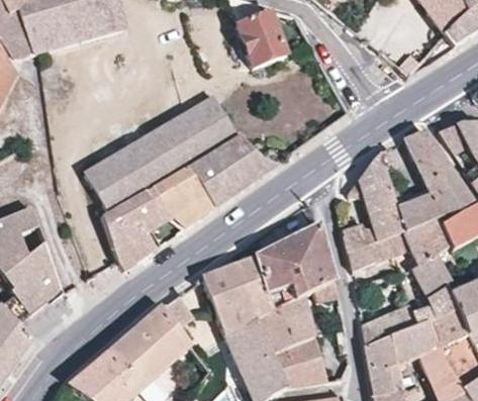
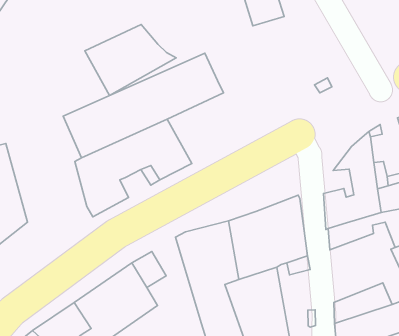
building: [183,132,272,204] -> [85,25,176,95]

